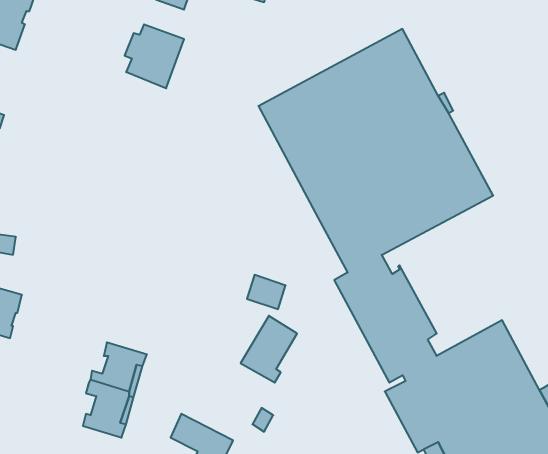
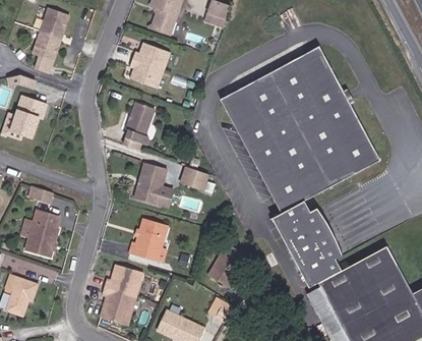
building: none -> [125,101,153,143]
building: none -> [133,163,167,206]
building: [247,275,286,309] -> [181,166,207,189]
building: none -> [130,219,172,261]

